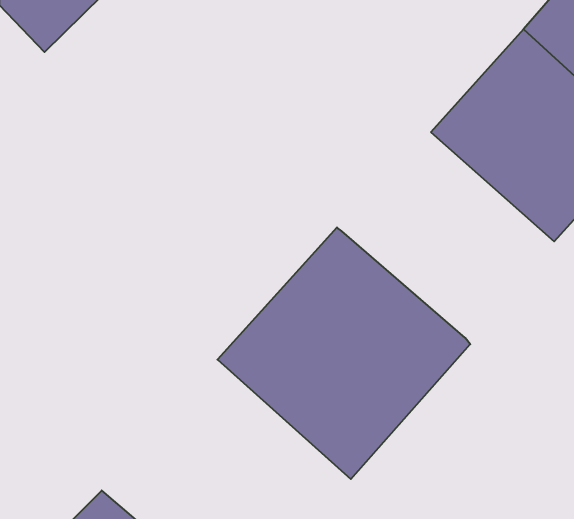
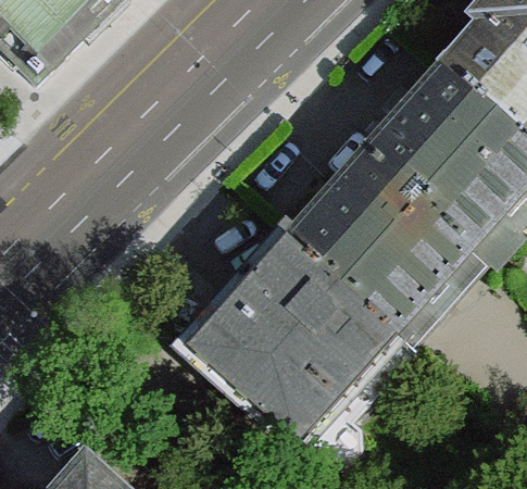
building: none -> [293,140,475,316]

